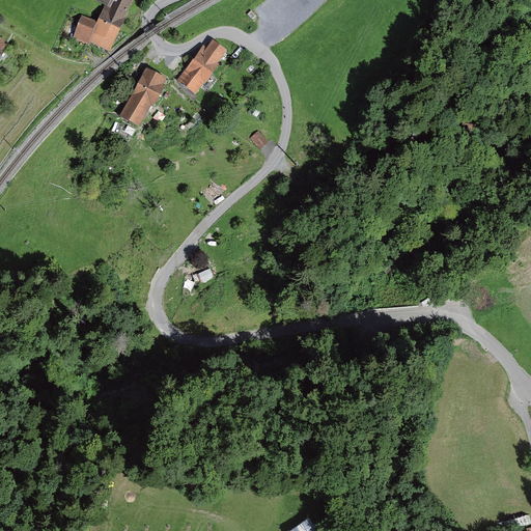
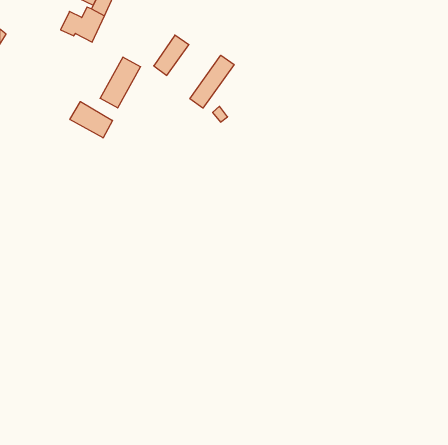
building: none -> [190,55,234,108]
building: none -> [70,102,113,138]

